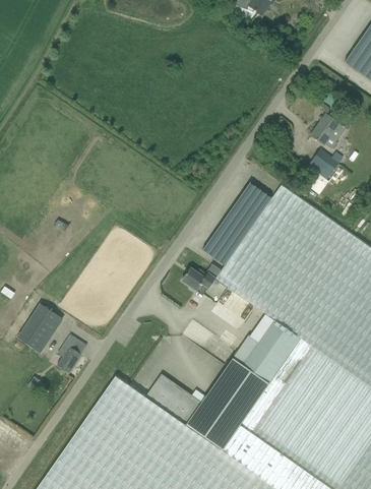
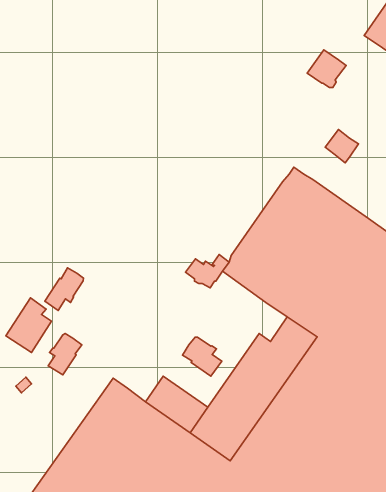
building: [310,115,346,149] -> [307,50,346,88]
building: [201,183,269,265] -> none
building: none -> [45,268,83,310]
building: none -> [182,337,222,376]

